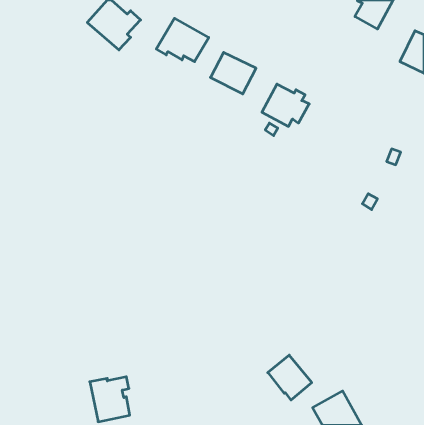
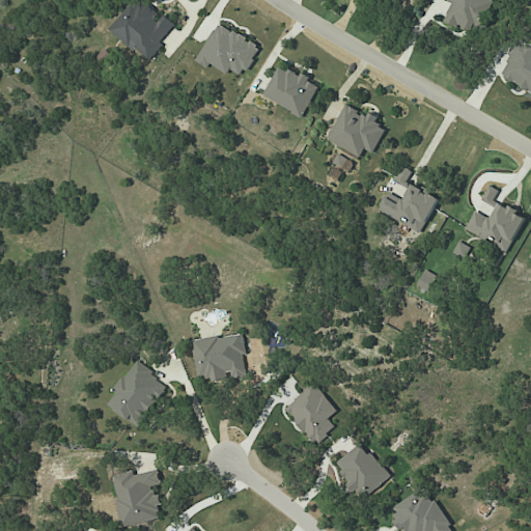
building: none -> [378,167,438,232]
building: none -> [466,203,525,251]
building: none -> [191,334,247,382]
building: none -> [107,362,168,427]
building: none -> [284,384,337,444]

